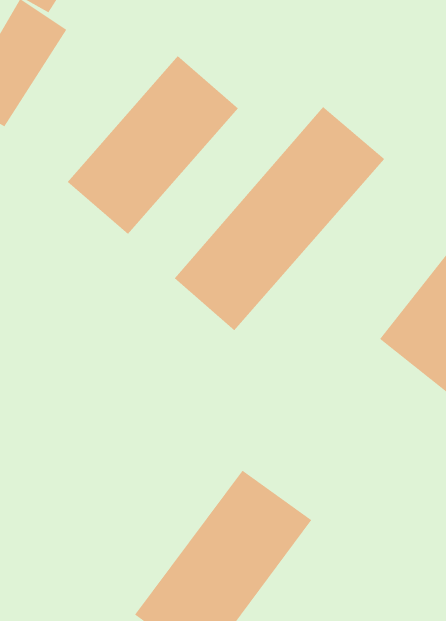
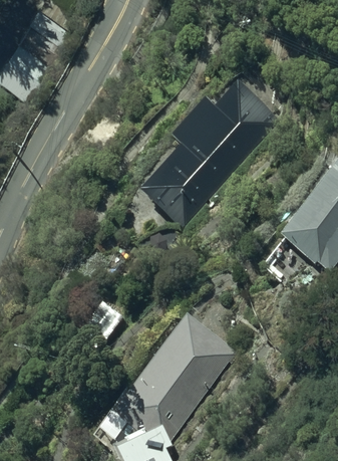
building: [67,55,239,235] -> none

